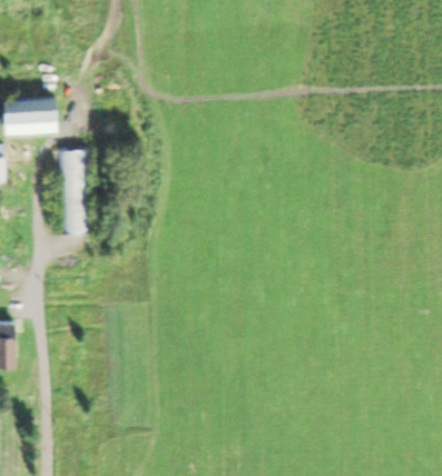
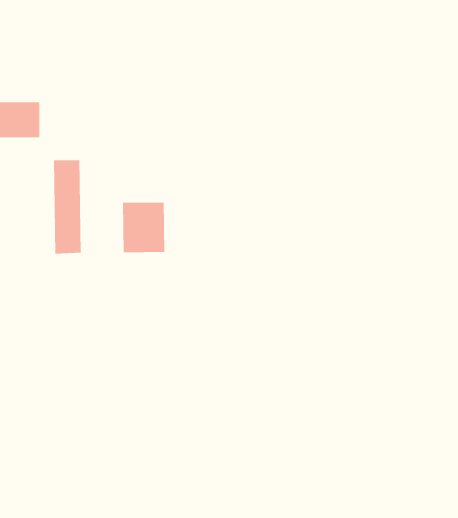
building: none -> [122,202,165,253]

